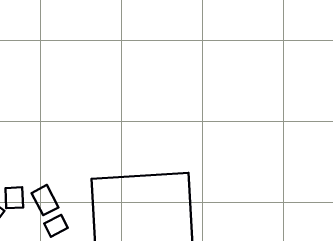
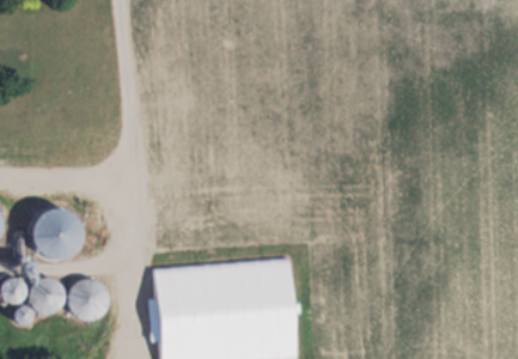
building: none -> [35,209,71,256]
building: [44,215,68,237] -> none

